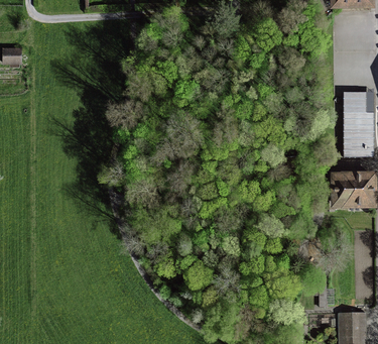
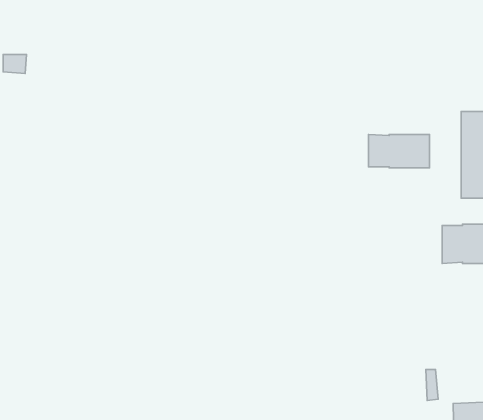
building: none -> [368,135,430,168]

